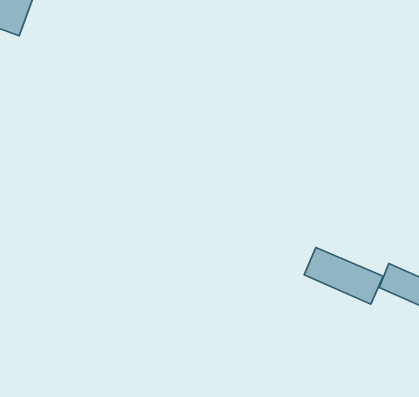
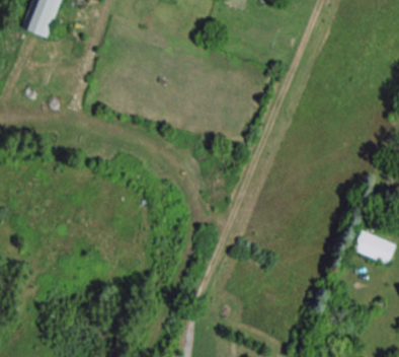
building: [304,248,383,304] -> none

